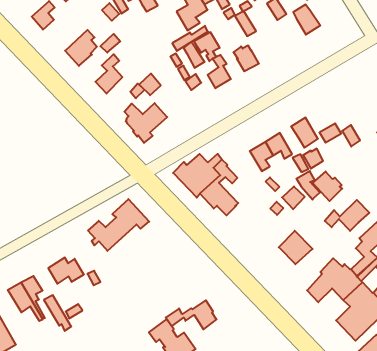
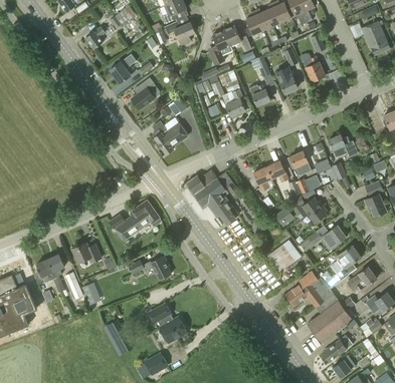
building: none -> [275,65,299,93]
building: none -> [329,134,359,156]
building: [166,300,217,329] -> [129,256,171,280]

